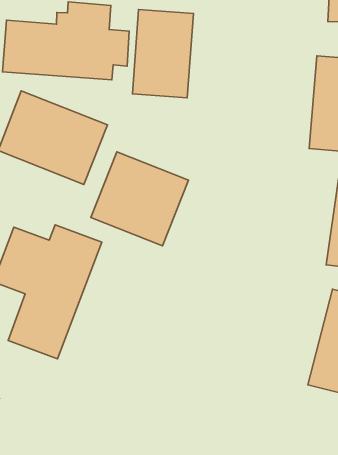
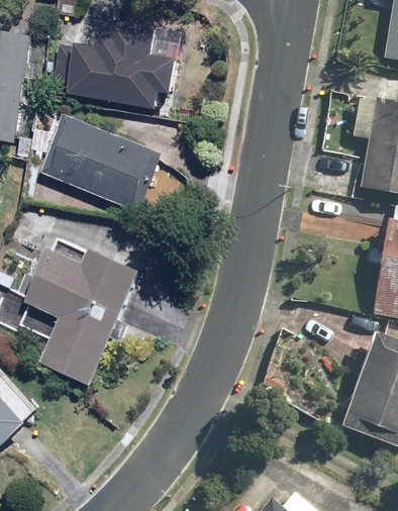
building: [132,10,193,98] -> none
building: [91,152,188,246] -> none

